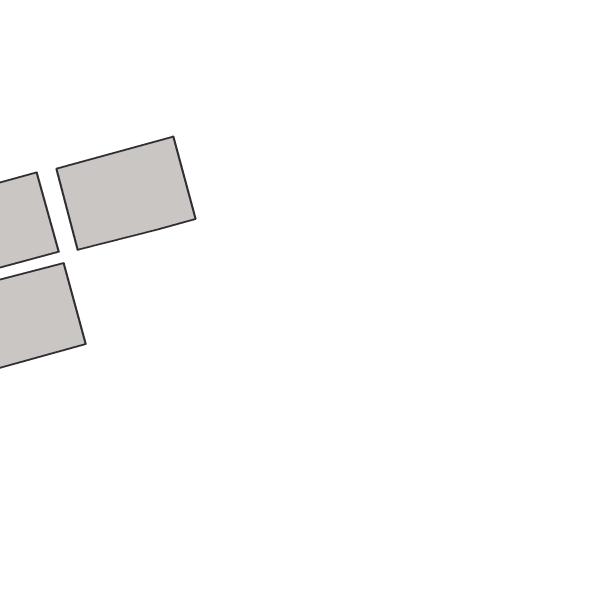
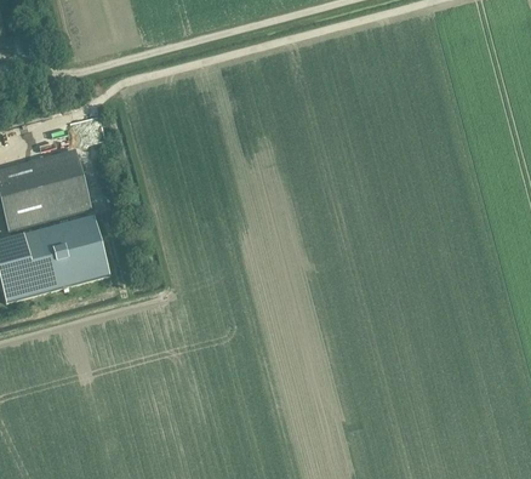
building: [57,136,195,250] -> none

